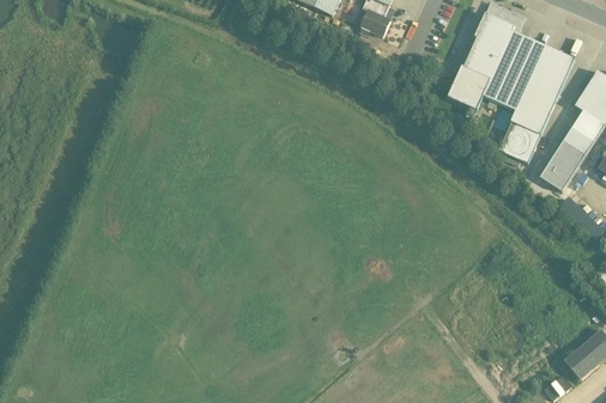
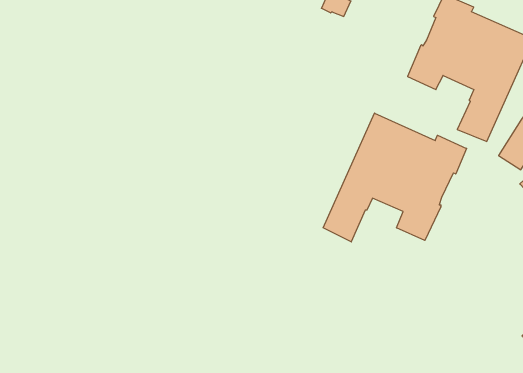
building: none -> [323,113,467,242]

